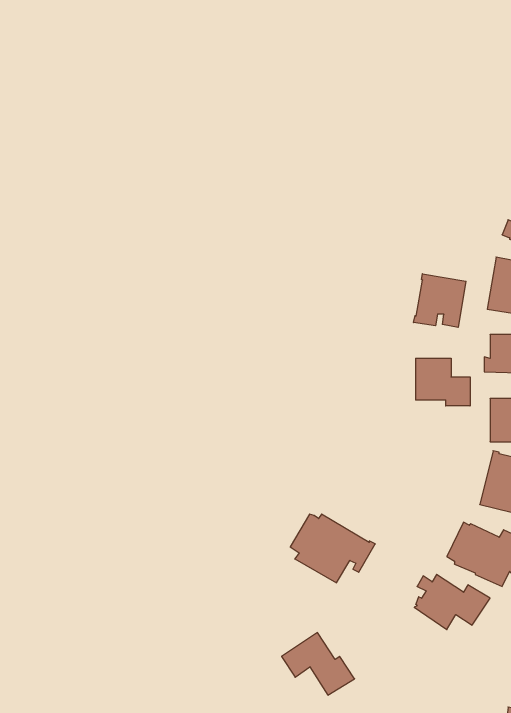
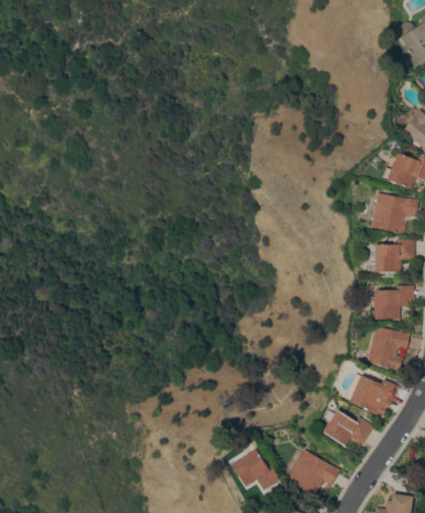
building: [414,274,466,327] -> none
building: [416,358,470,406] -> none
building: [290,514,375,583] -> [283,449,341,496]

